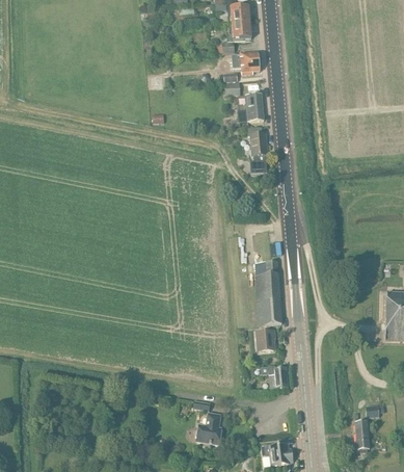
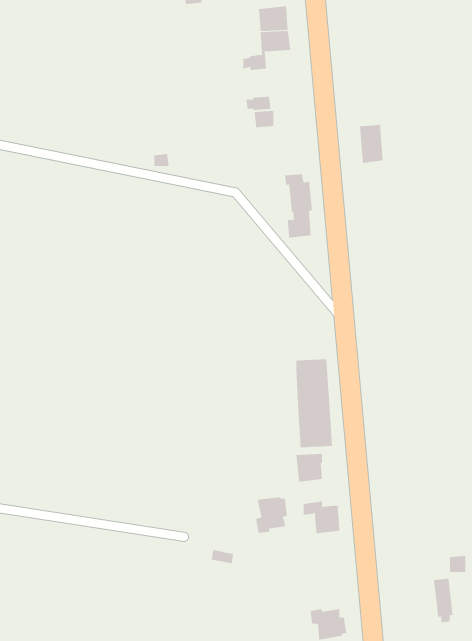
building: [240,51,260,75] -> none
building: [247,94,265,122] -> [359,125,384,163]
building: none -> [256,496,287,534]
building: [195,413,222,444] -> none

